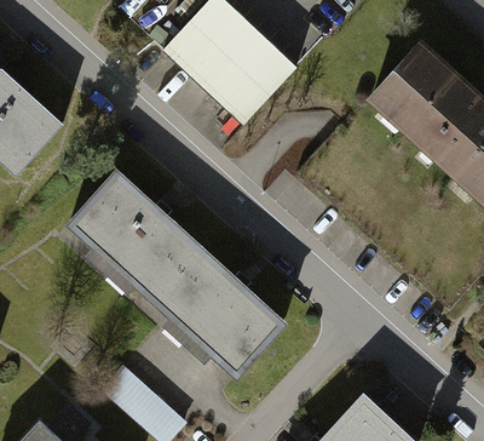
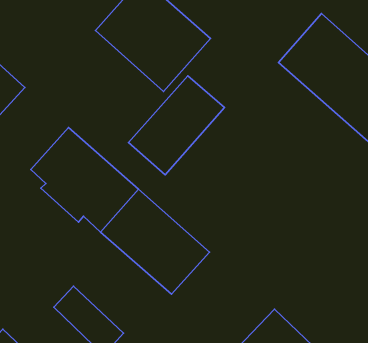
building: none -> [128,76,225,175]

